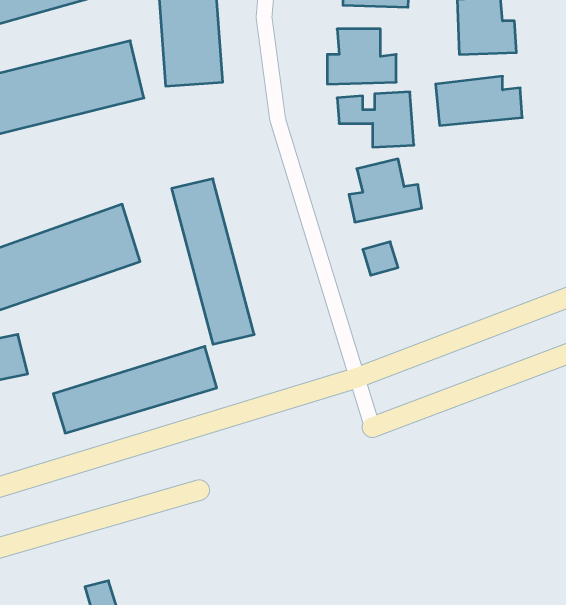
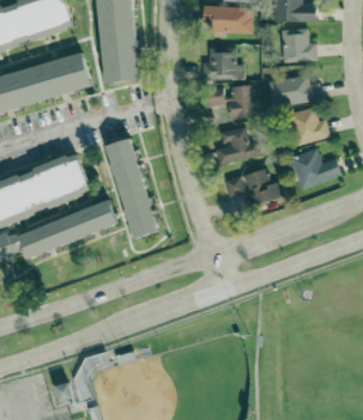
building: none -> [291,109,331,146]
building: none -> [290,150,343,190]
building: none -> [247,170,283,205]
building: [53,346,217,433] -> [19,203,119,256]

